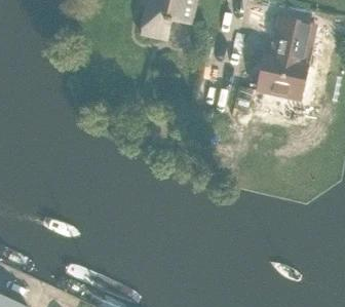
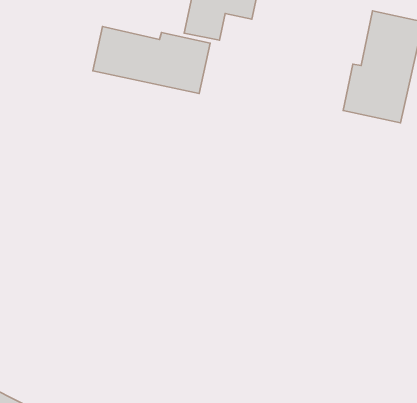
building: none -> [93,27,210,94]

